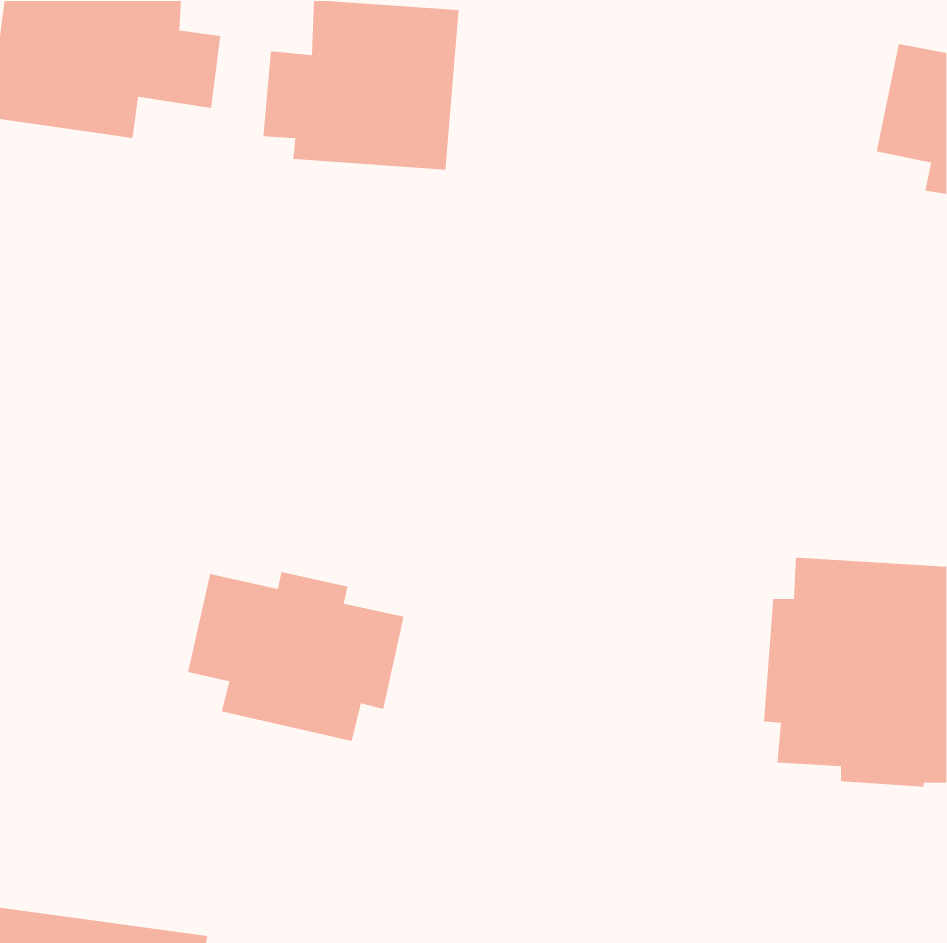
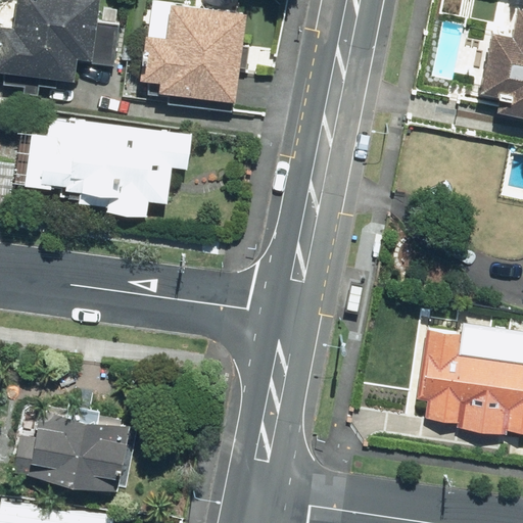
building: none -> [27,121,193,219]
building: [187,571,405,742] -> [15,401,134,494]

